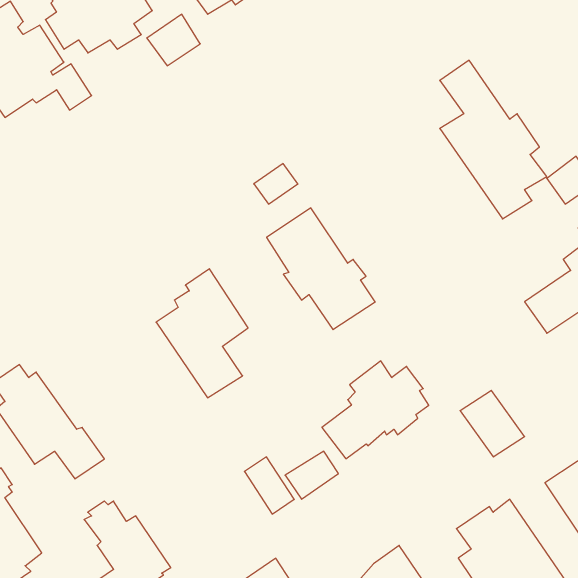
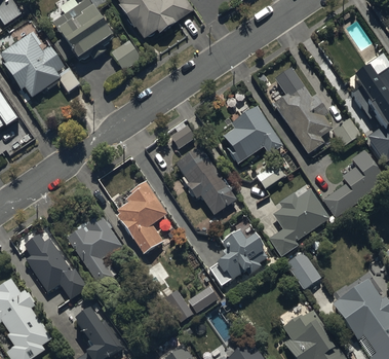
building: none -> [224,107,283,166]
building: none -> [269,189,329,256]
building: none -> [67,216,122,288]

